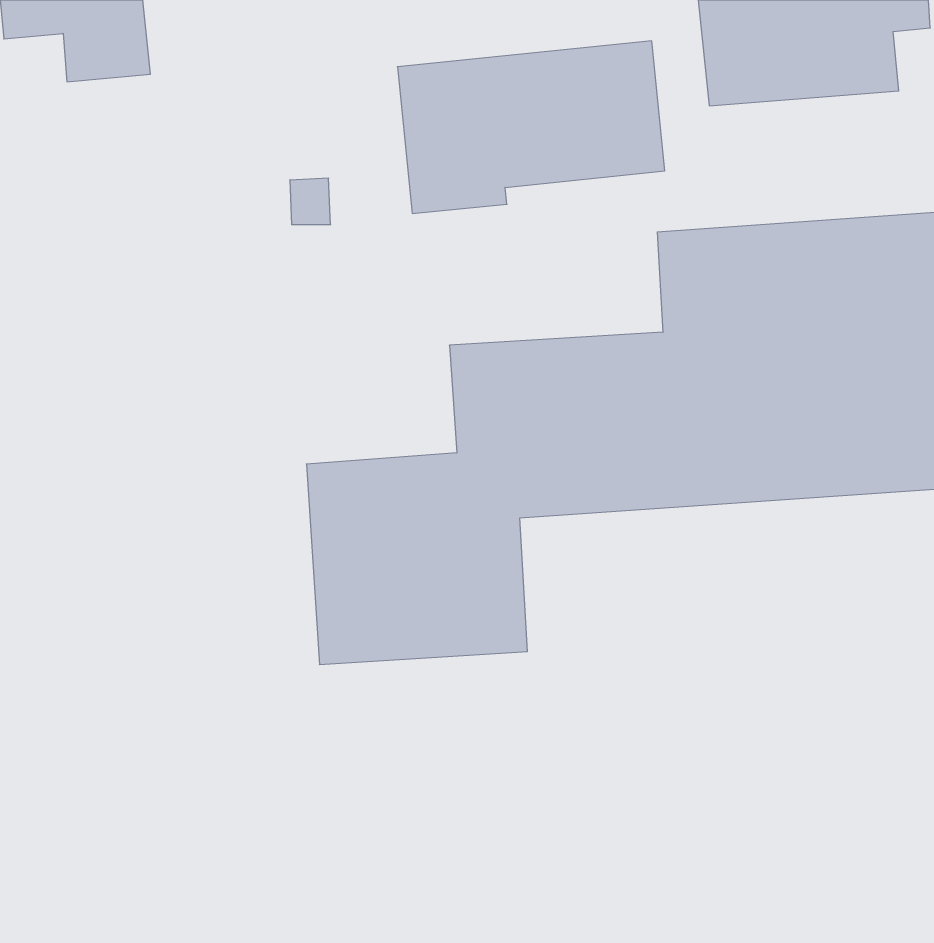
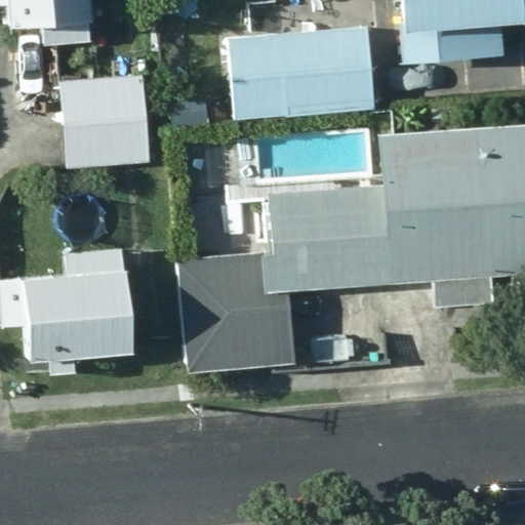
building: none -> [59,77,153,169]
building: none -> [17,250,133,361]

